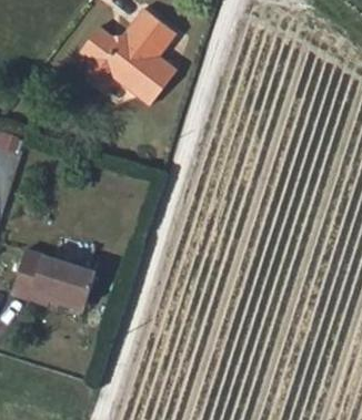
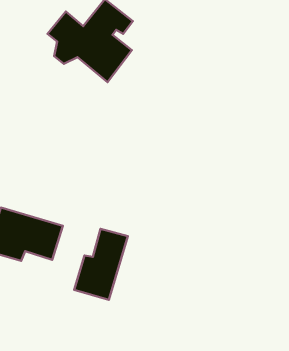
building: none -> [74,229,128,300]

